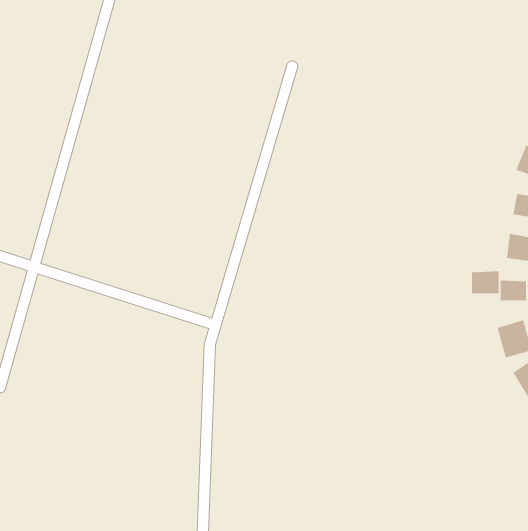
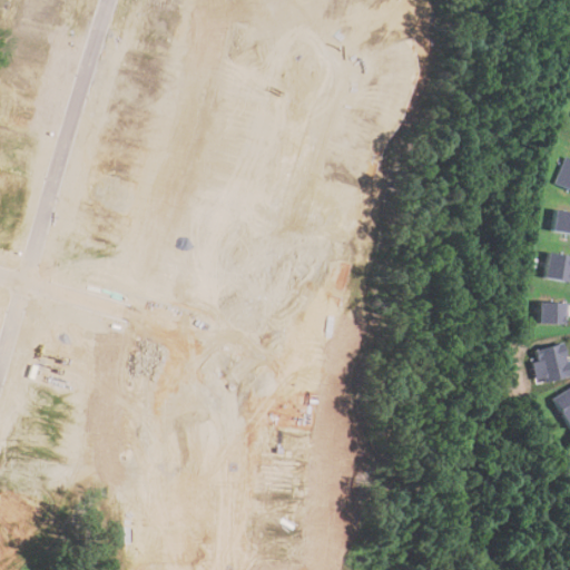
building: [472,270,499,294] -> none

